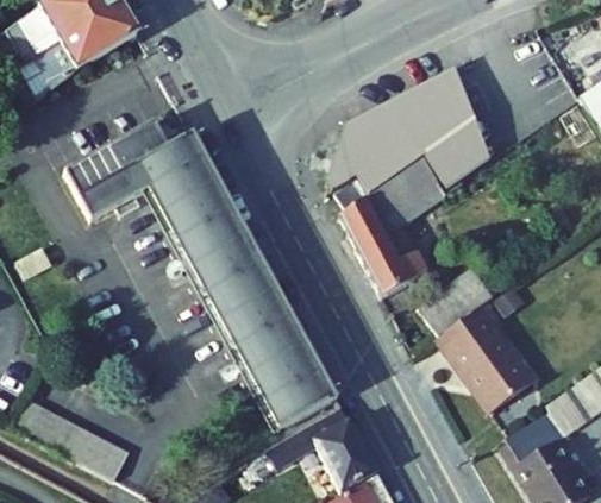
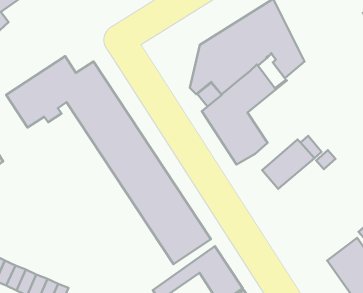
building: [437,302,534,413] -> none

